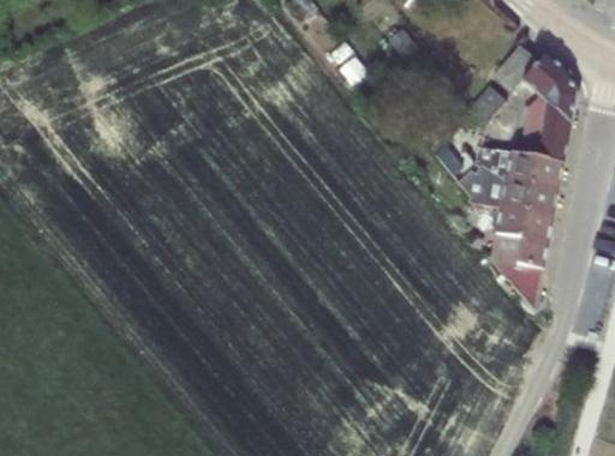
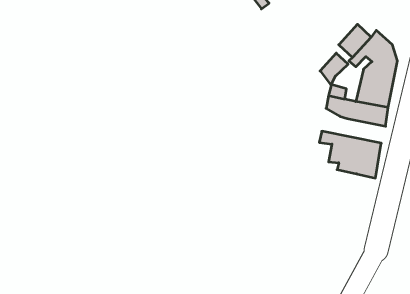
building: [435,142,559,211] -> none
building: [503,254,544,310] -> none

